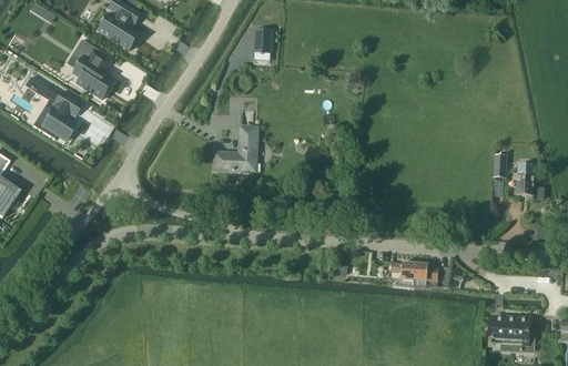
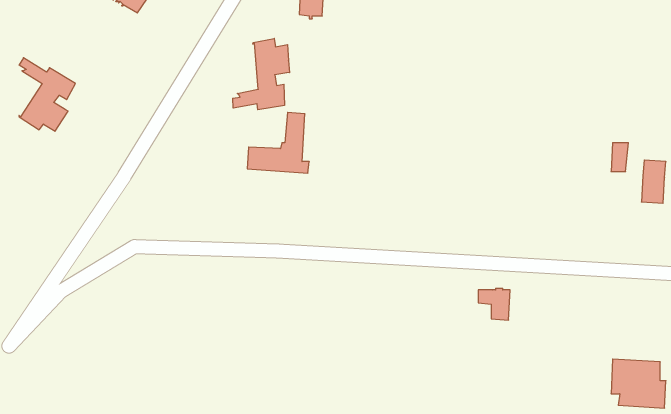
building: [74,50,113,99] -> none
building: none -> [233,38,290,110]
building: [413,261,436,285] -> none

